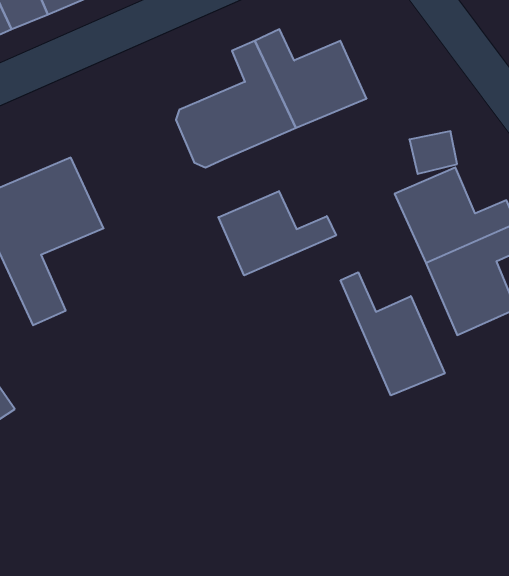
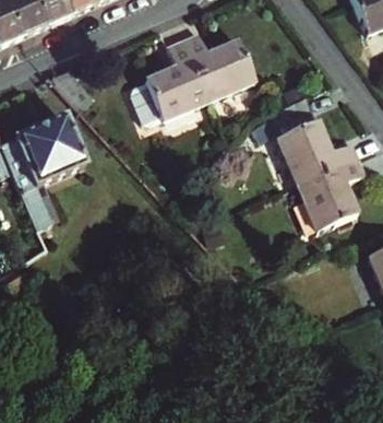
building: [218,191,336,275] -> none
building: [341,272,445,395] -> none

